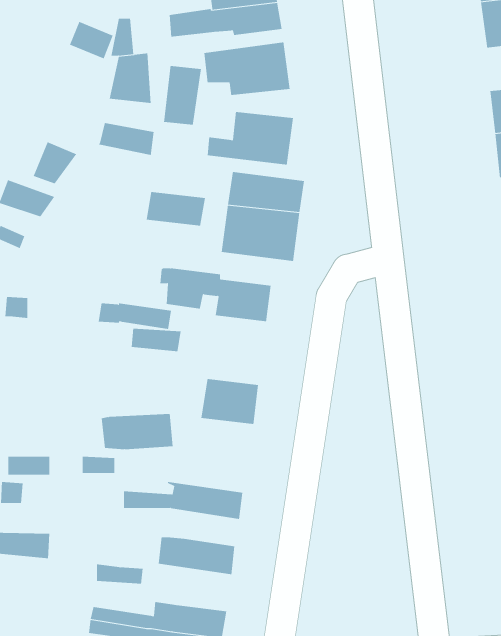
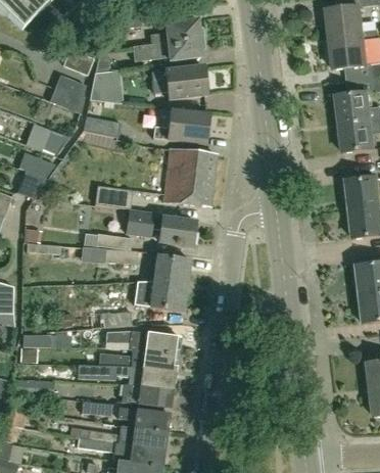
building: none -> [49,75,86,112]
building: [164,65,201,125] -> none
building: [146,191,206,226] -> [94,187,133,209]
building: none -> [153,256,191,286]
building: none -> [105,331,180,356]
building: none -> [77,366,175,390]
building: none -> [120,408,169,432]

